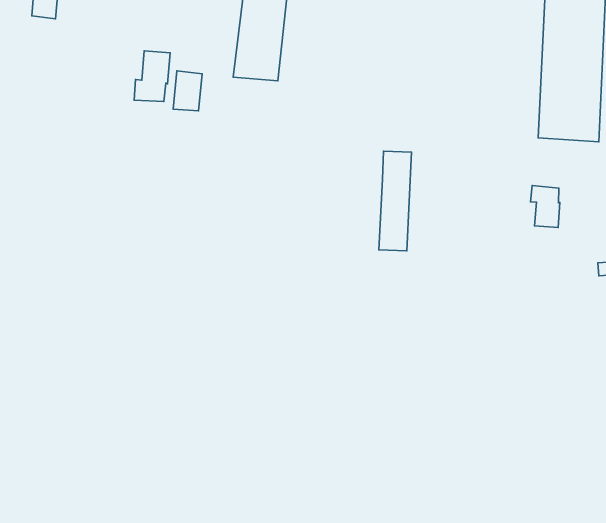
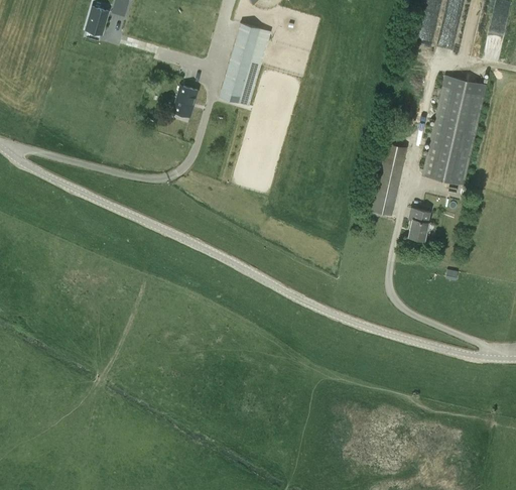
building: [134,51,170,101] -> none
building: [379,151,411,251] -> [373,143,407,215]

